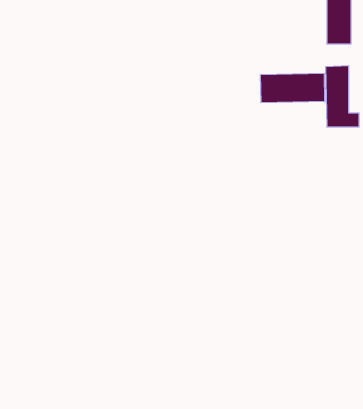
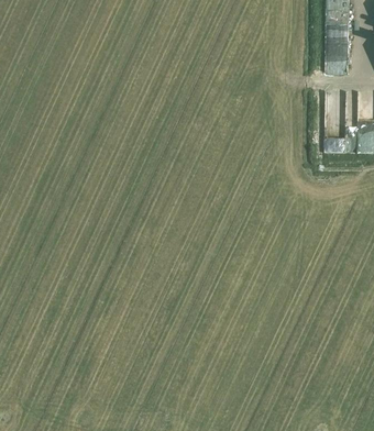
building: [261,73,325,103] -> none

